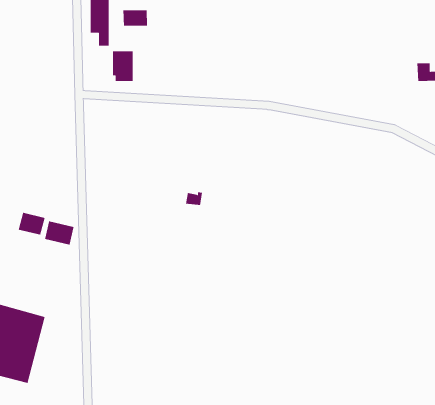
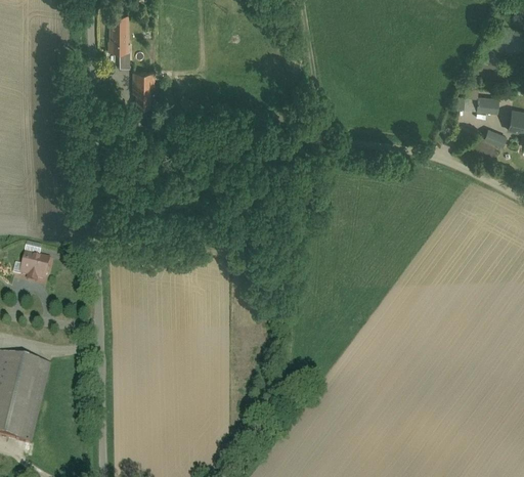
building: [123,10,147,26] -> none
building: [45,220,74,246] -> none

